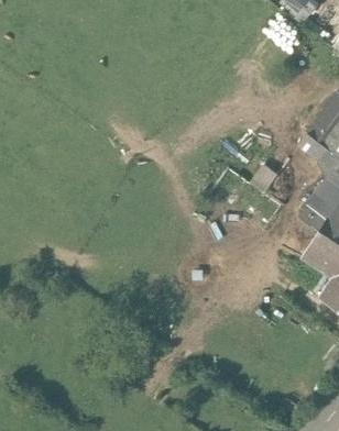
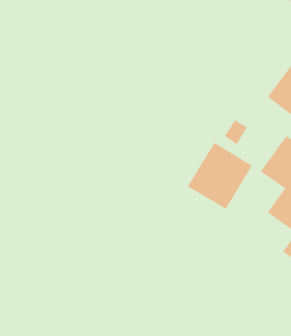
building: none -> [187,142,253,210]

